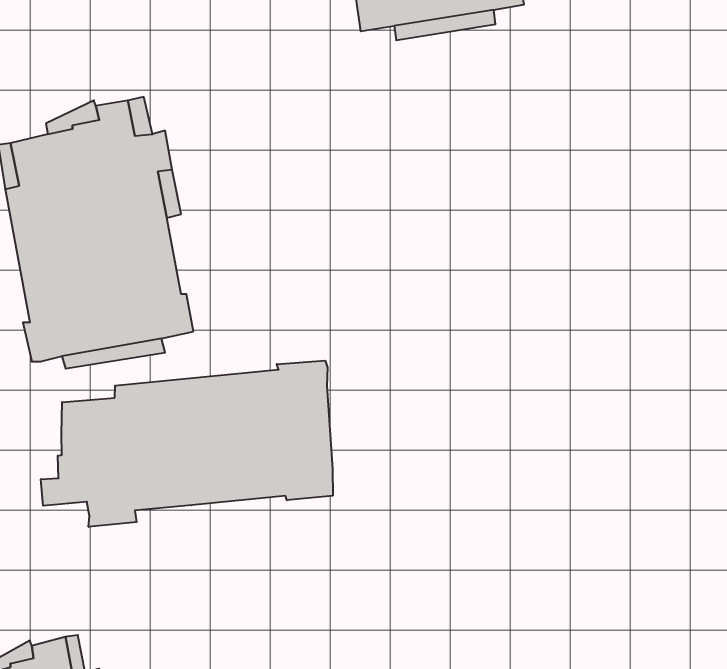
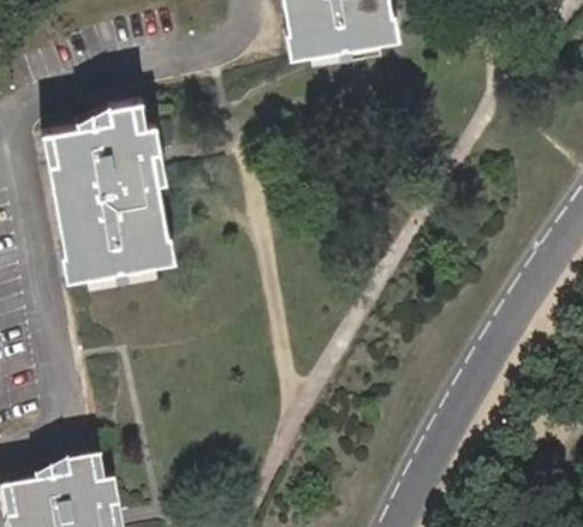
building: [41,361,333,527] -> none

